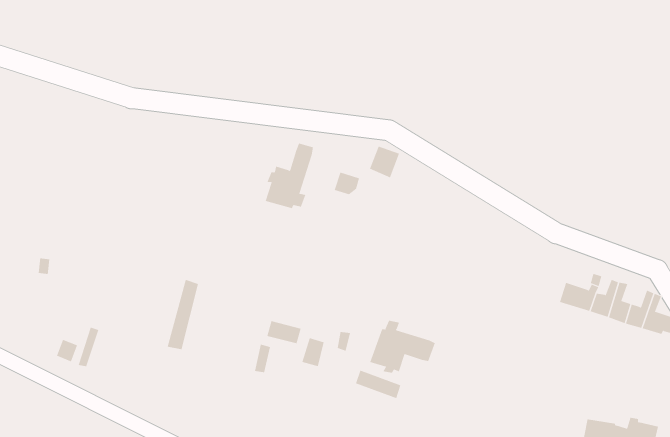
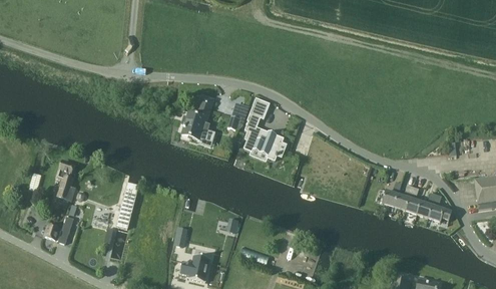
building: none -> [243,121,284,161]
building: none -> [57,161,75,200]
building: [369,320,435,374] -> none
building: none -> [179,255,210,283]

